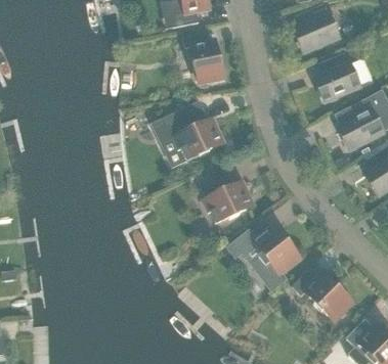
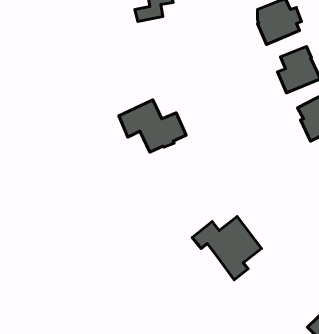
building: [183,35,223,83] -> none
building: [203,178,253,224] -> none
building: [293,272,352,321] -> none

